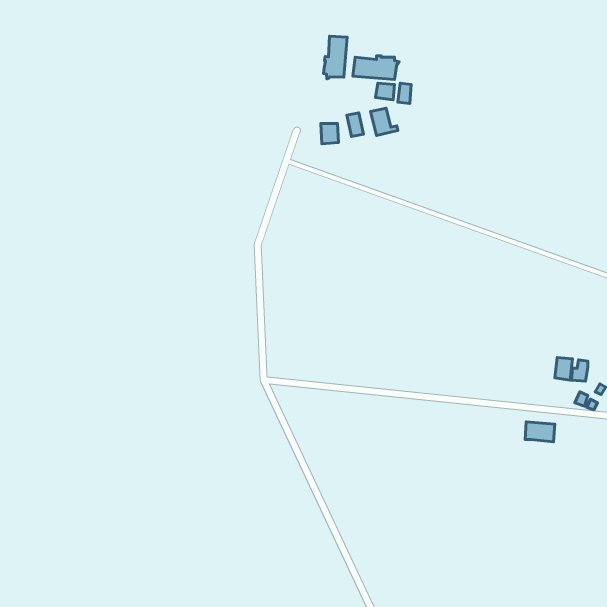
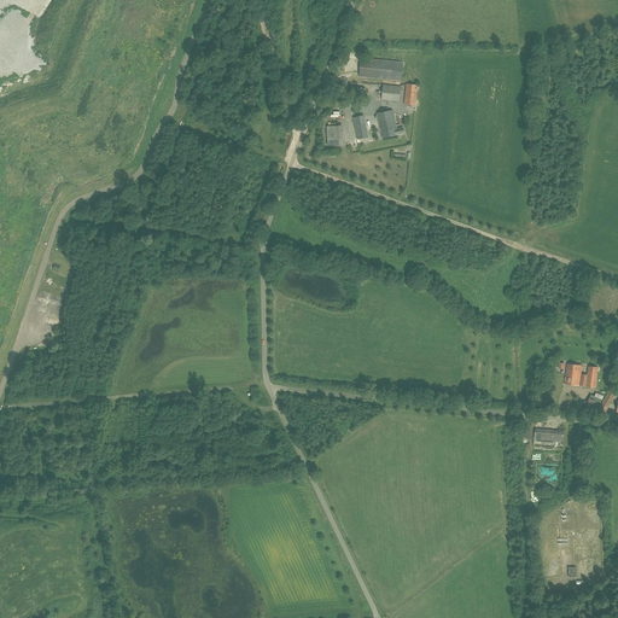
building: [323,36,347,79] -> none

